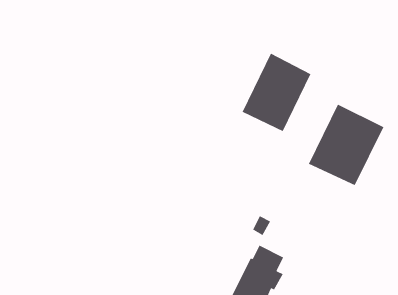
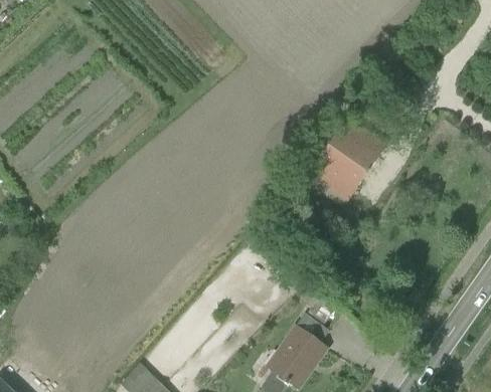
building: [308,103,384,186] -> none

